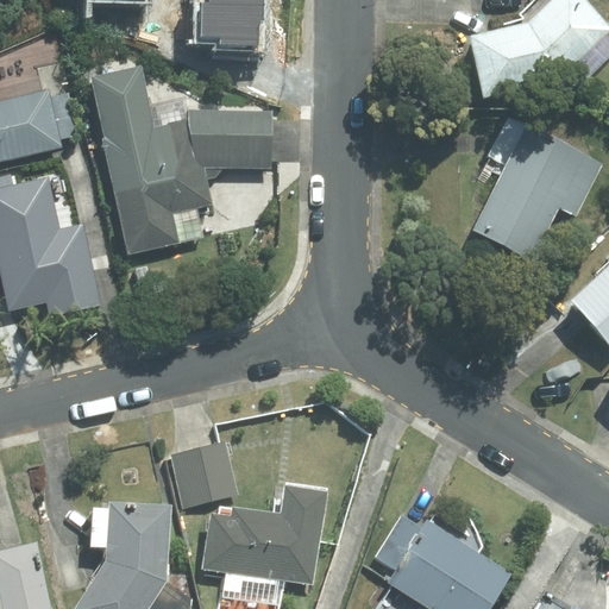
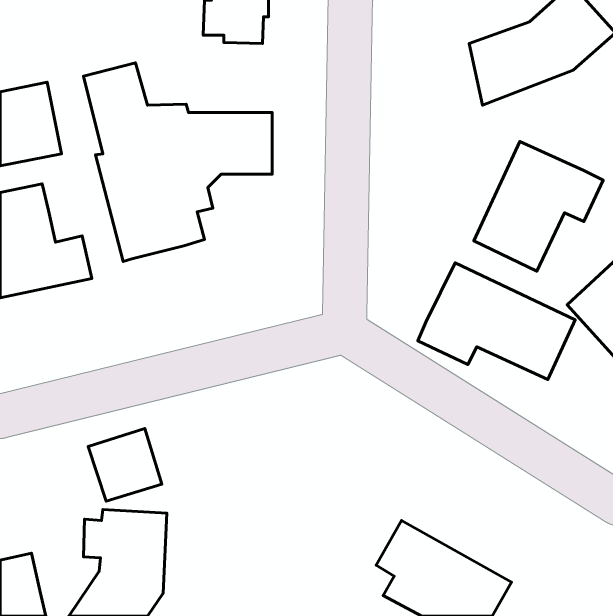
building: none -> [418,263,575,380]
building: [168,438,240,509] -> [88,428,162,501]
building: [200,488,326,585] -> none

